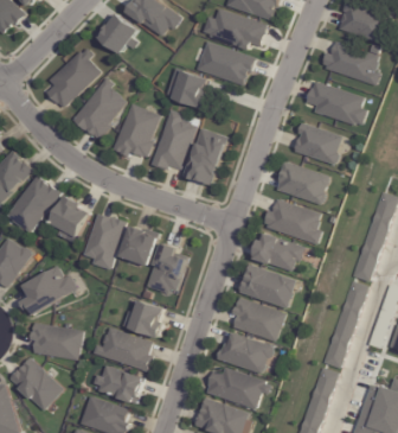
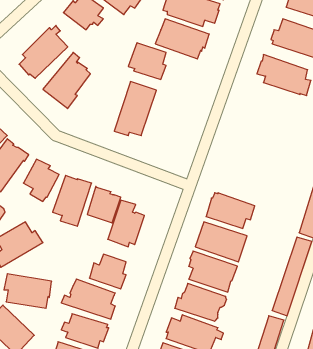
building: [113,103,159,157] -> none
building: [294,122,342,164] -> none
building: [184,128,227,185] -> none
building: [276,161,328,204] -> none
building: [263,199,321,243] -> none

